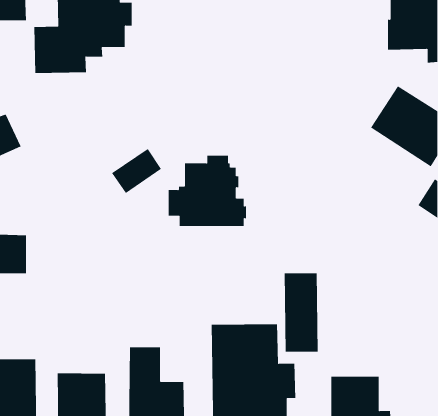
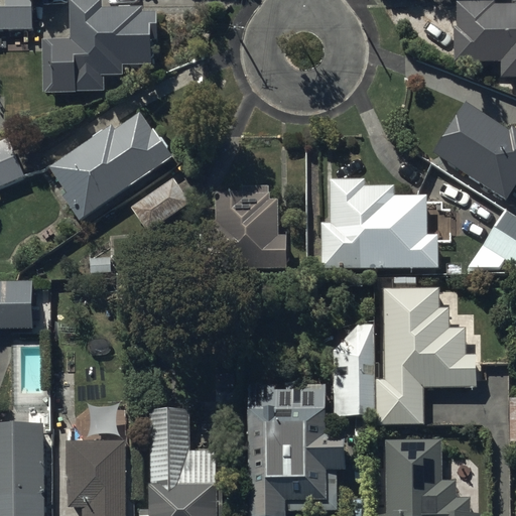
building: none -> [45,107,168,217]
building: none -> [322,186,439,275]
building: none -> [379,293,479,442]

